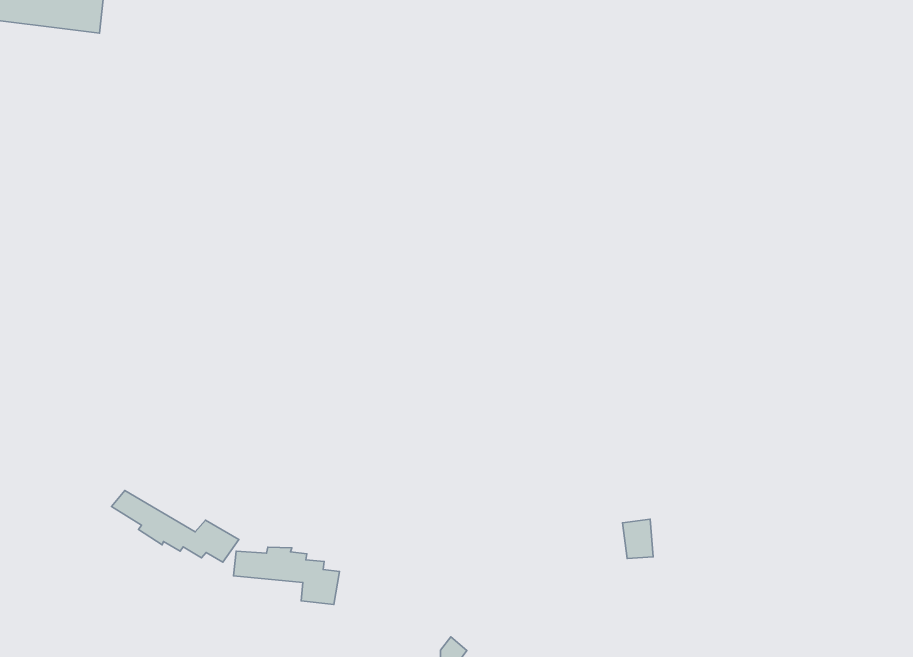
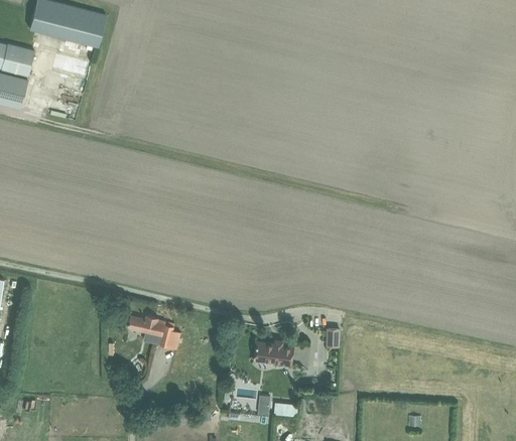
building: [111,490,239,562] -> none
building: none -> [255,341,294,365]

